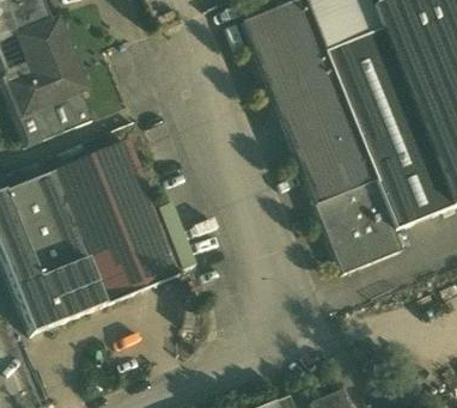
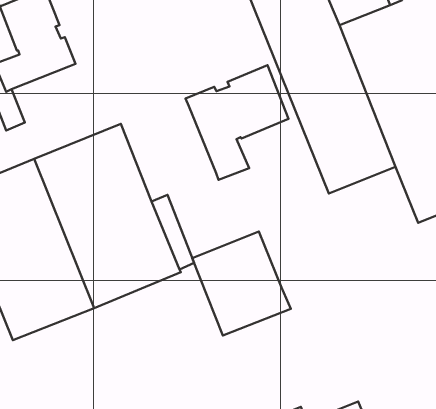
building: none -> [186,65,289,180]
building: [30,87,93,138] -> none
building: [315,177,403,270] -> [192,231,291,336]

